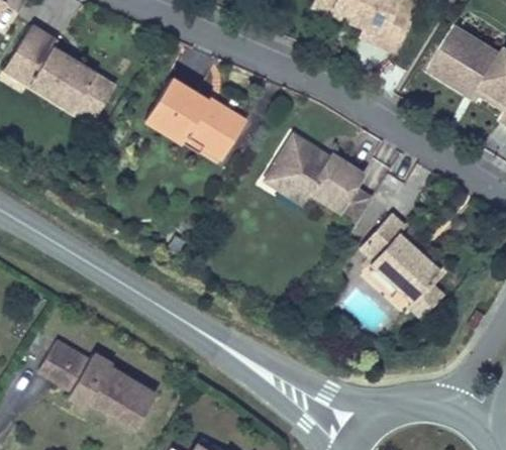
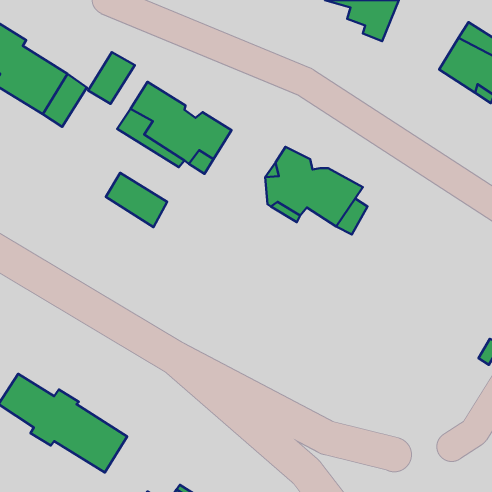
building: none -> [88,52,135,104]
building: none -> [106,173,167,227]
building: [363,215,443,316] -> none

